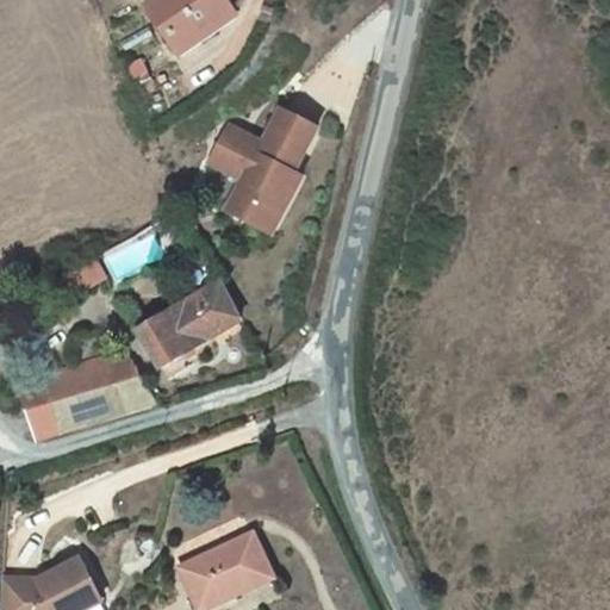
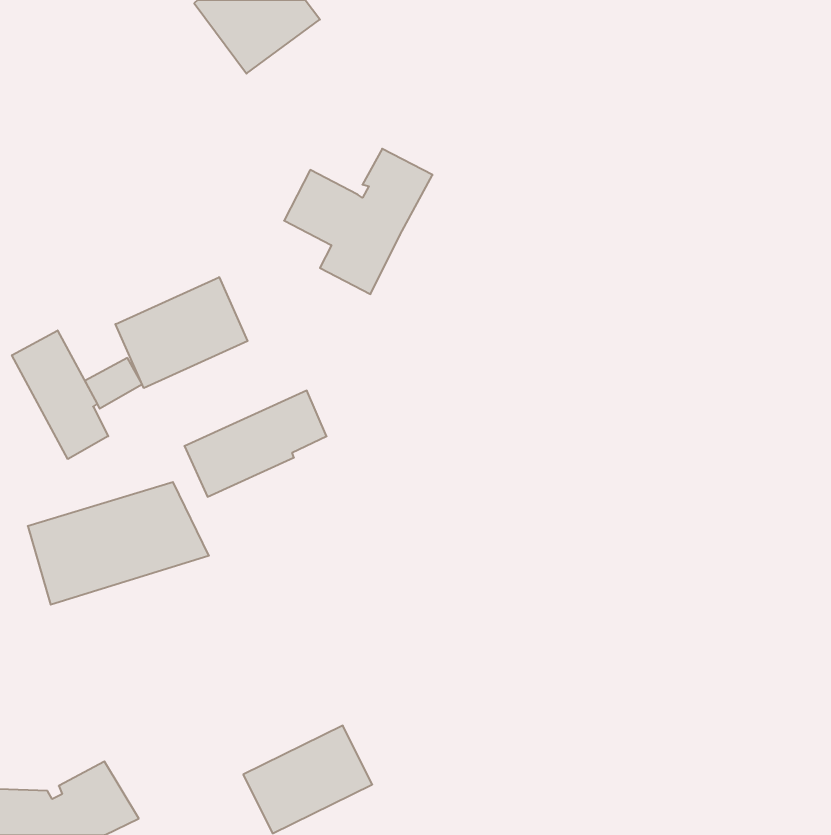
building: [225,172,300,235] -> none
building: none -> [115,277,248,388]
building: none -> [12,330,108,459]

